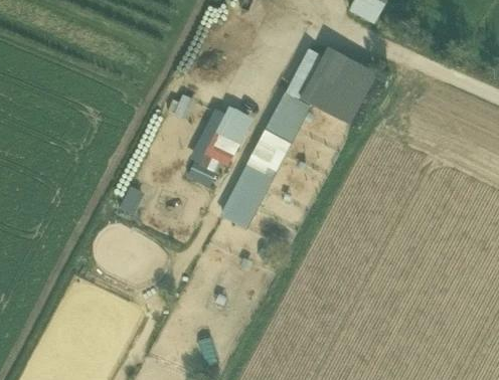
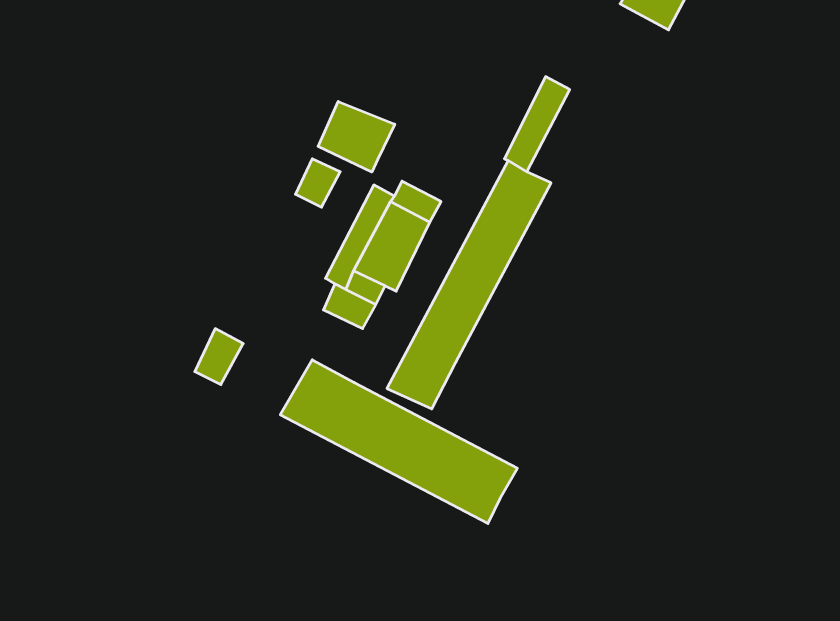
building: [301,50,374,122] -> none
building: none -> [318,101,395,172]
building: none -> [280,360,517,524]

